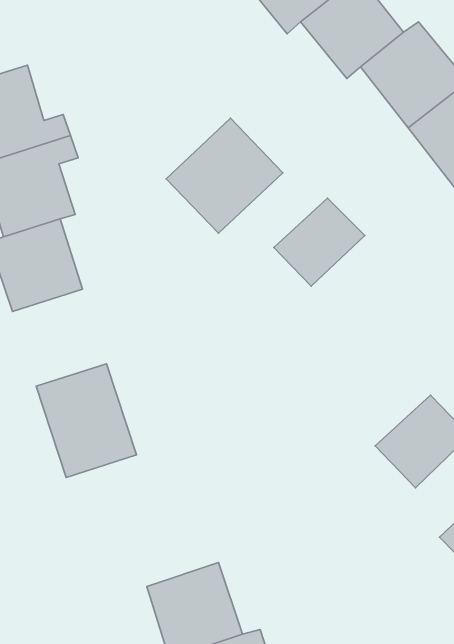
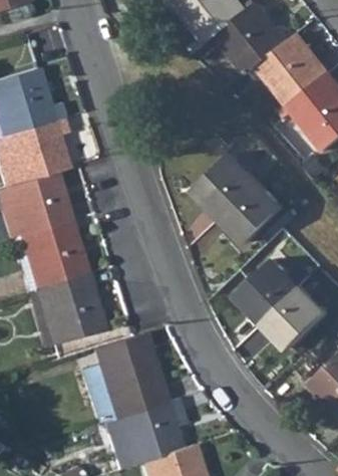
building: [166,118,283,233] -> none
building: none -> [224,182,286,244]
building: none -> [23,218,86,283]
building: none -> [241,262,304,323]
building: none -> [95,347,161,418]

